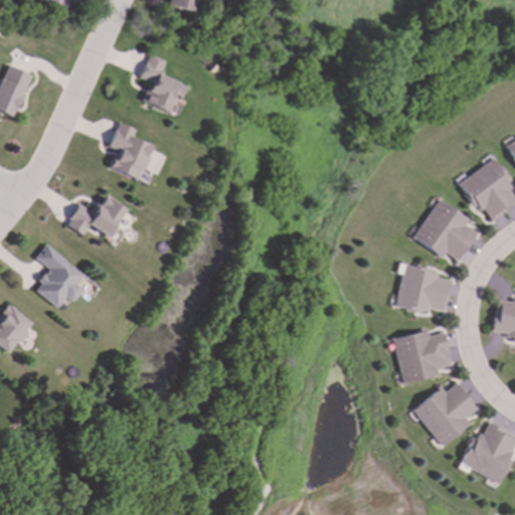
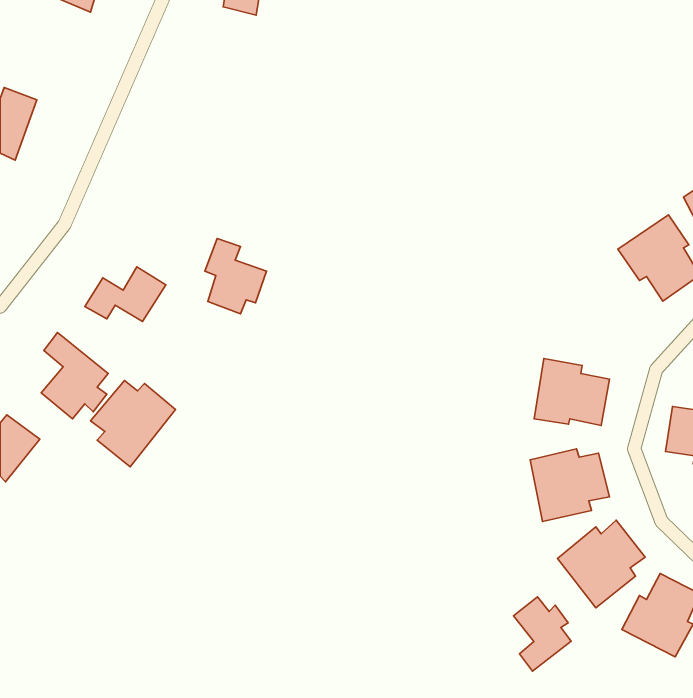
building: [141,54,188,113] -> none
building: [111,123,156,178] -> [205,238,267,314]
building: [414,199,477,262] -> none
building: none -> [91,381,175,467]
building: none -> [513,597,571,671]

